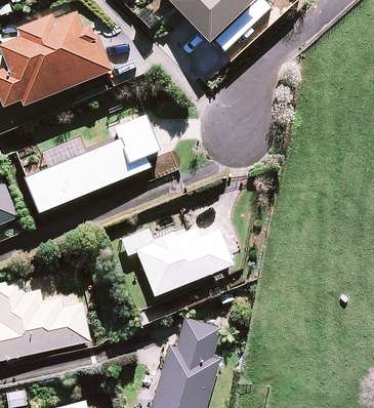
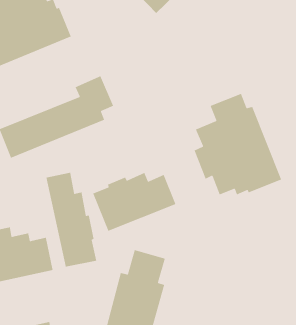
building: none -> [194,93,282,196]
building: none -> [45,172,97,267]

